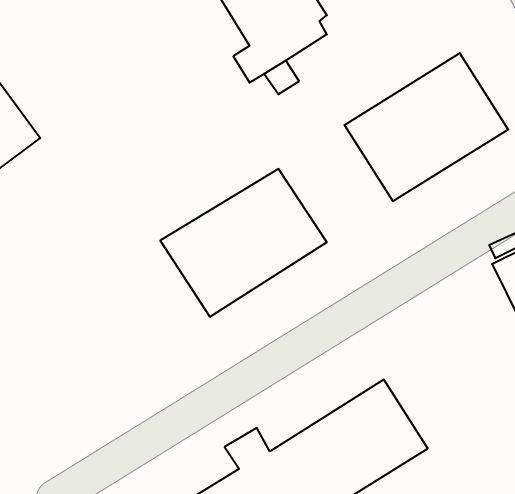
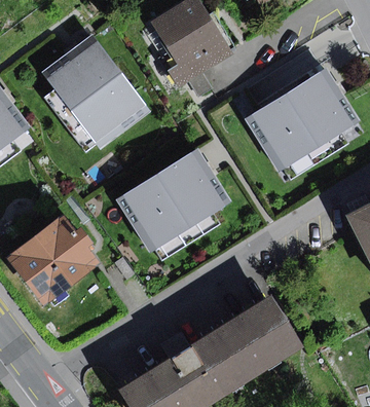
building: none -> [42,35,150,149]
building: none -> [7,215,99,304]

